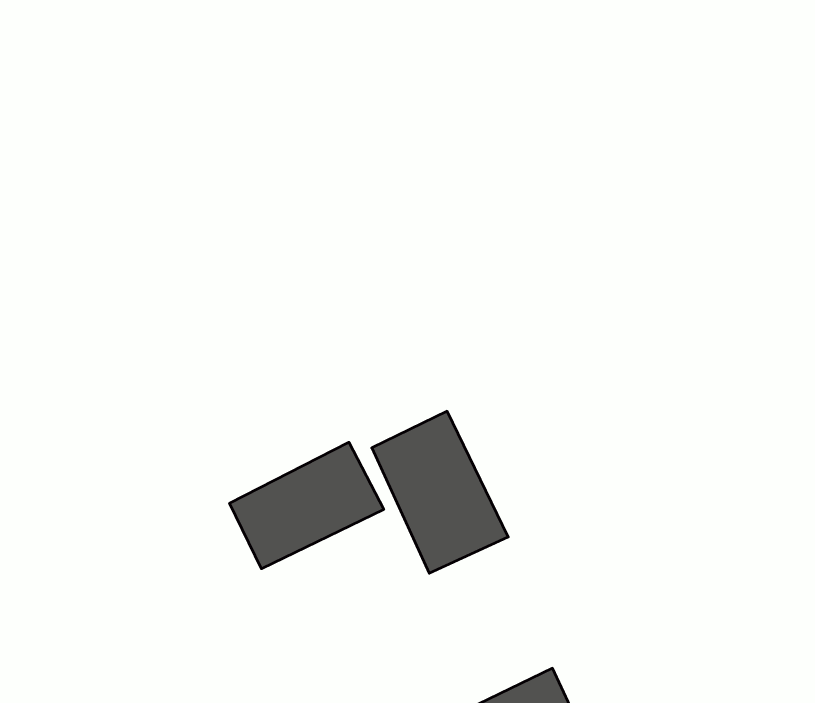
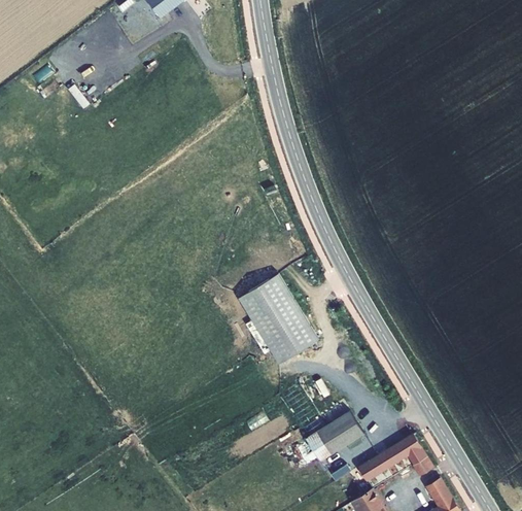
building: [230,442,384,569] -> none

